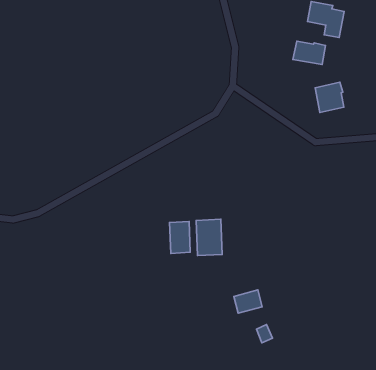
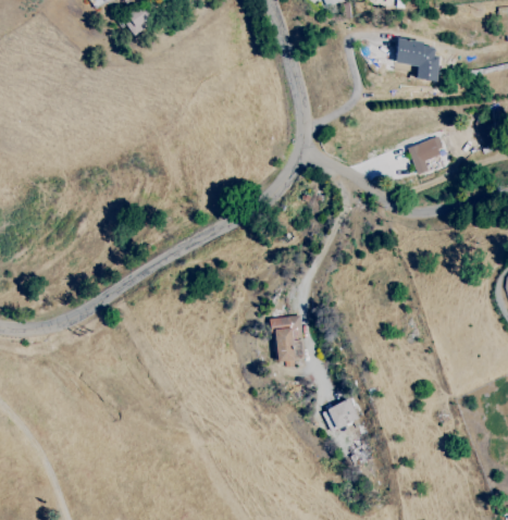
building: [293,41,326,65] -> none
building: [169,221,190,253] -> none

